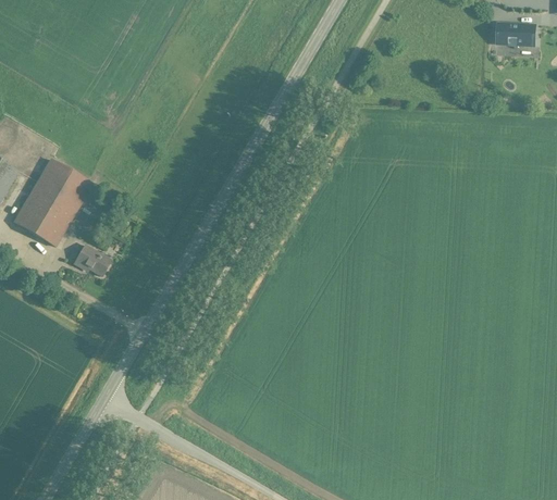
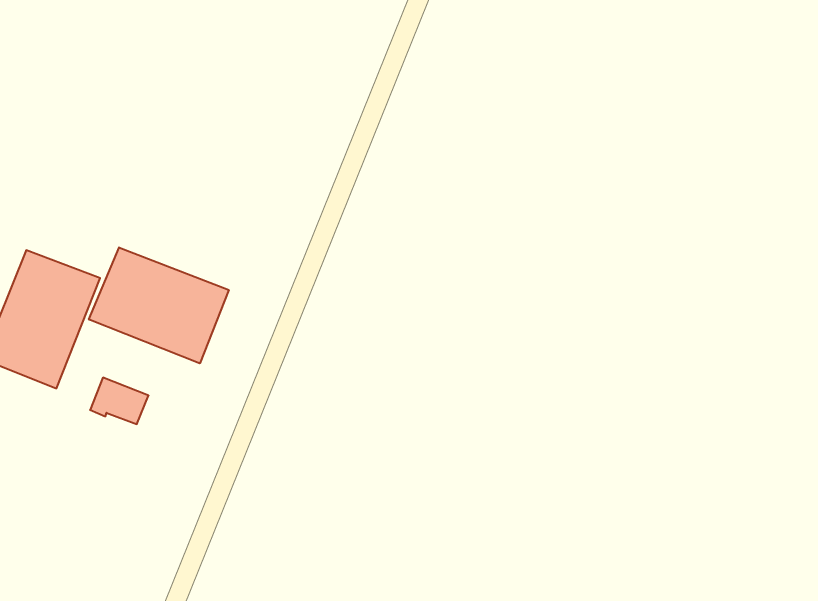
building: none -> [89,247,229,363]

